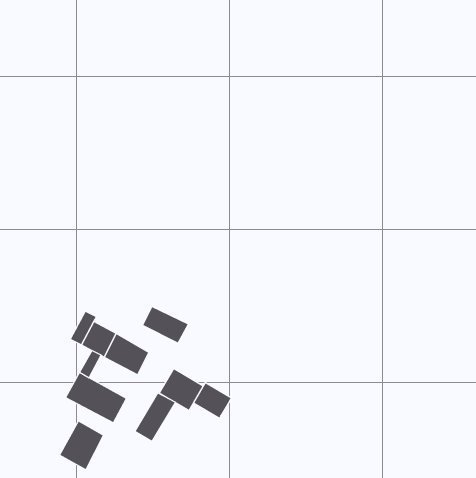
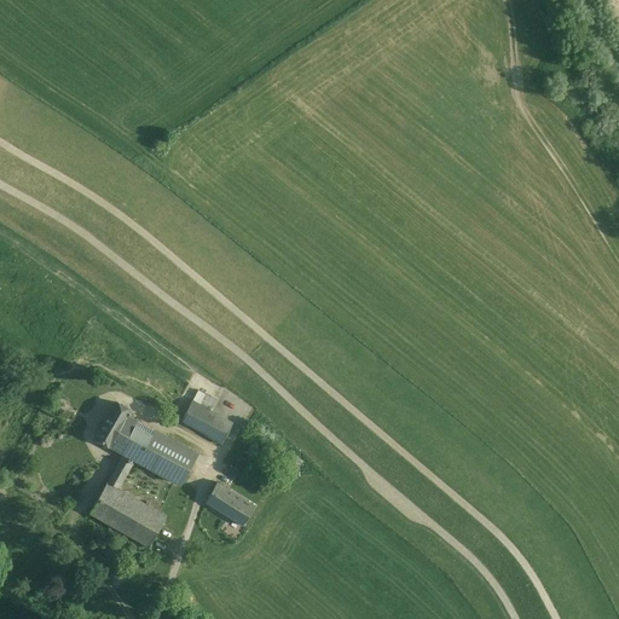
building: [194,382,231,419] -> none
building: [135,393,175,441] -> none
building: [59,421,104,470] -> none

